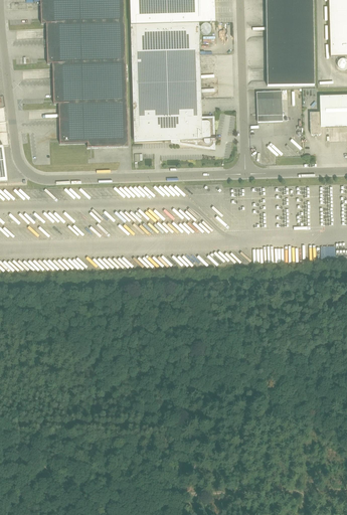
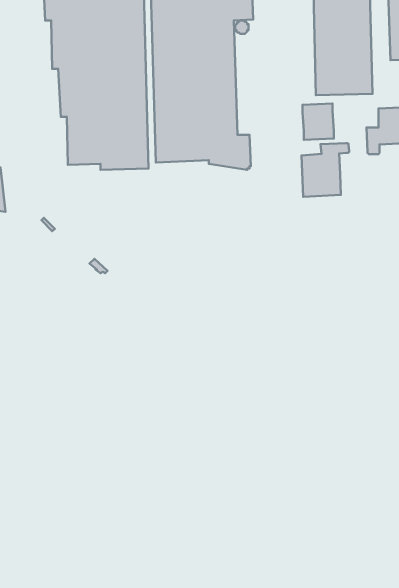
building: none -> [301,143,349,197]

